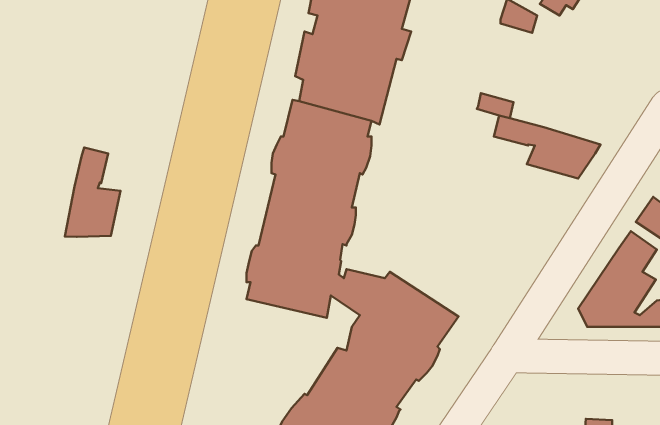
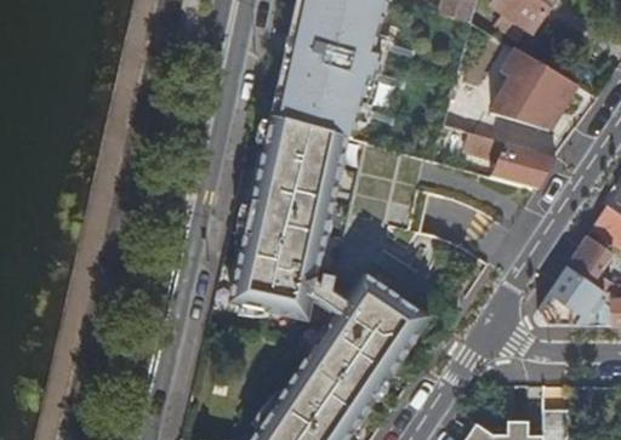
building: none -> [492,47,572,131]
building: [65,147,121,237] -> none

